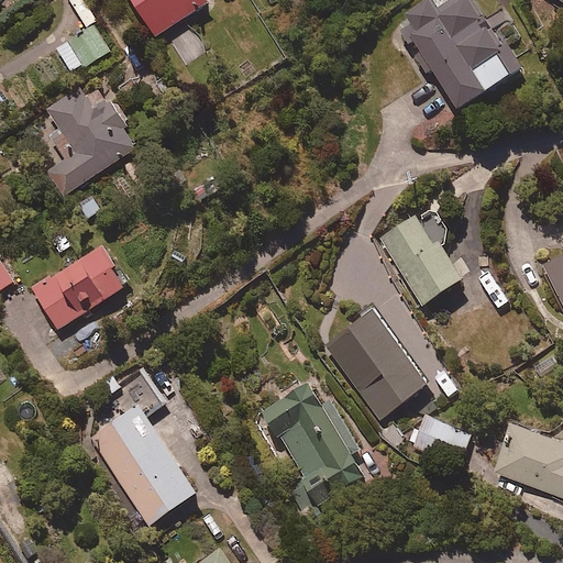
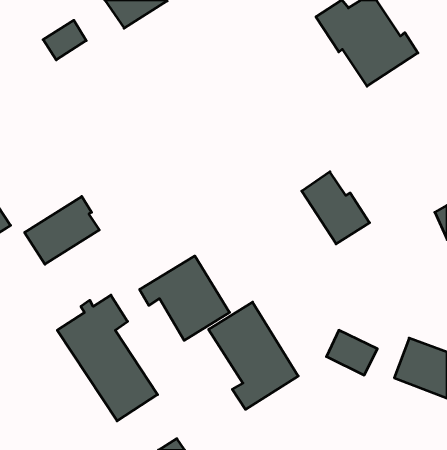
building: [46,88,137,191] -> none
building: [323,309,428,420] -> none
building: none -> [140,256,230,340]

